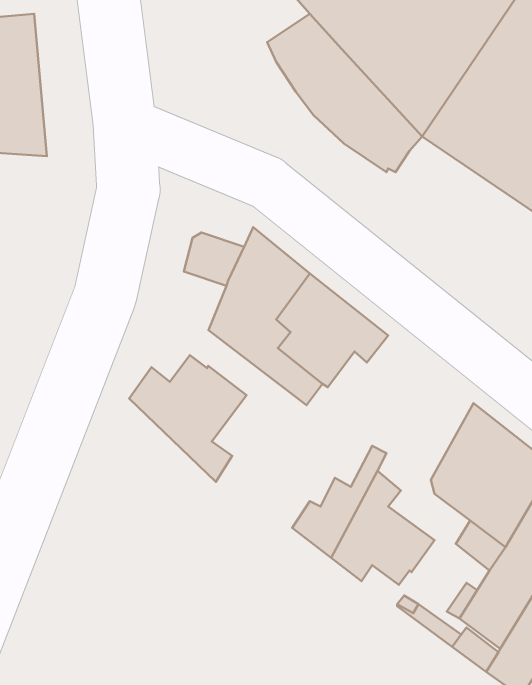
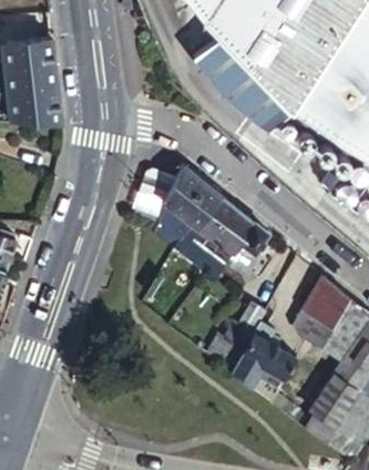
building: [129,355,247,482] -> none

